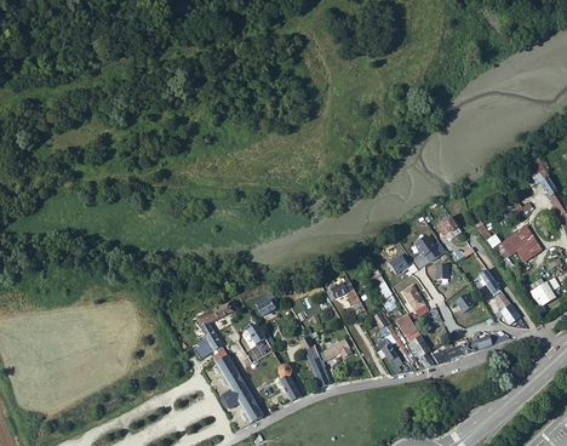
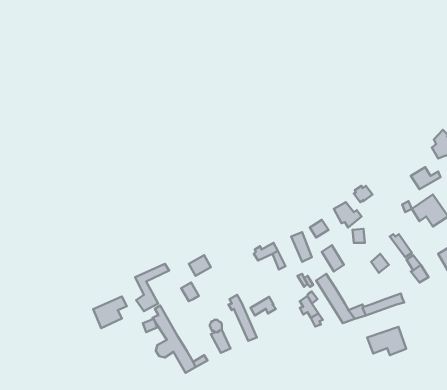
building: none -> [93,296,127,328]
building: none -> [367,327,406,355]

